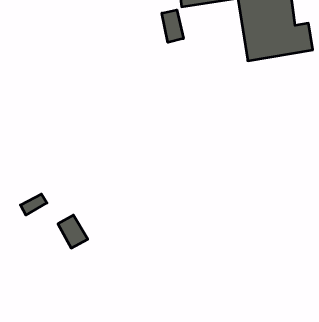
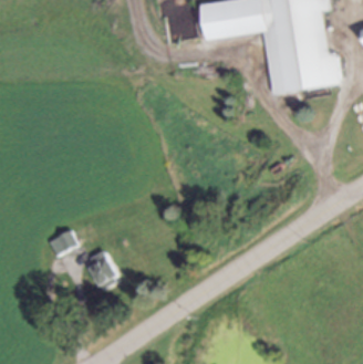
building: [162,10,183,42] -> none

